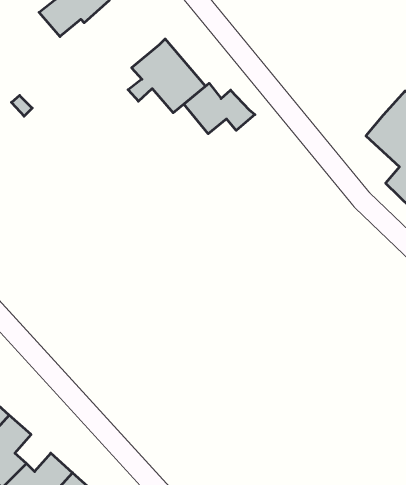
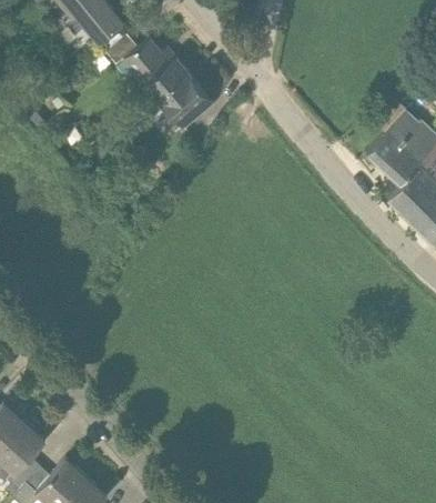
building: none -> [104,34,169,87]
building: [184,83,255,134] -> none

